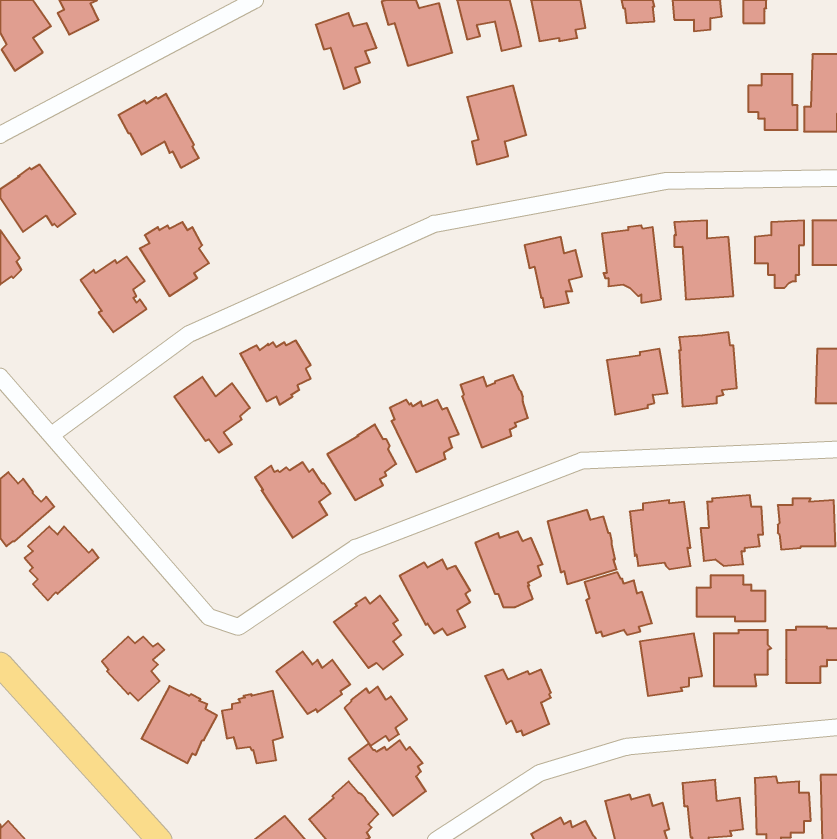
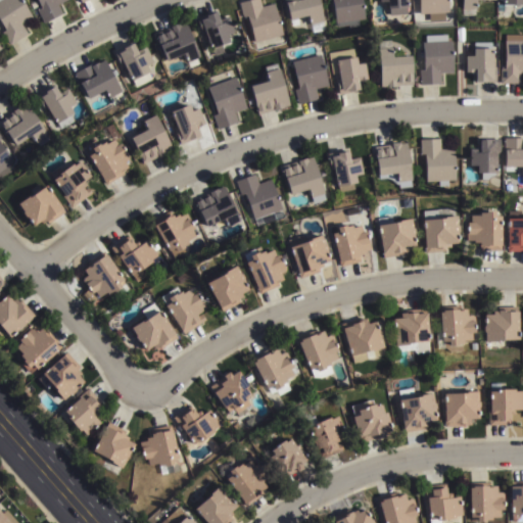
building: none -> [156,20,202,67]
building: none -> [421,34,455,84]
building: none -> [379,40,414,86]
building: none -> [114,41,155,87]
building: none -> [337,55,368,93]
building: none -> [249,62,290,114]
building: none -> [209,77,248,129]
building: none -> [37,84,77,129]
building: none -> [173,103,206,144]
building: none -> [132,114,174,163]
building: none -> [282,156,327,203]
building: none -> [236,174,282,226]
building: none -> [18,185,65,226]
building: none -> [194,186,240,229]
building: none -> [468,210,503,250]
building: none -> [332,224,372,267]
building: none -> [82,255,131,300]
building: none -> [129,303,177,351]
building: none -> [38,355,85,400]
building: [585,572,652,636] -> [351,400,393,440]
building: [697,575,765,621] -> none
building: [345,687,407,746] -> [270,439,308,476]

